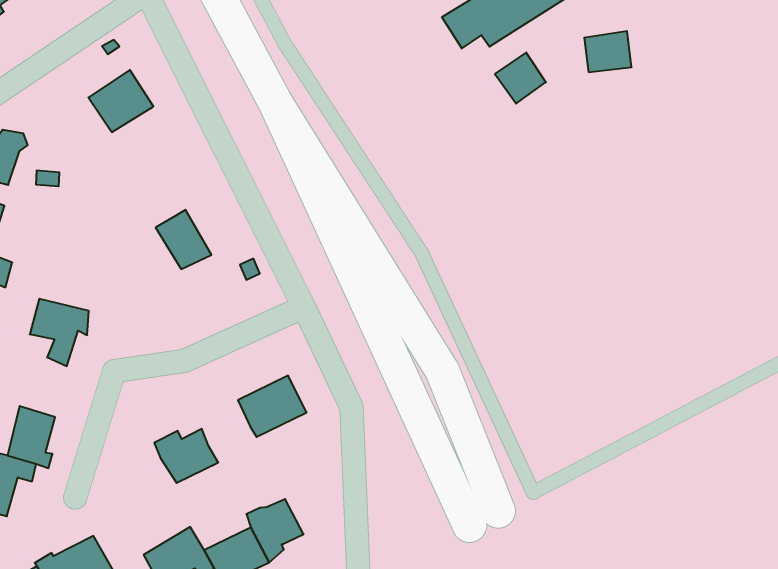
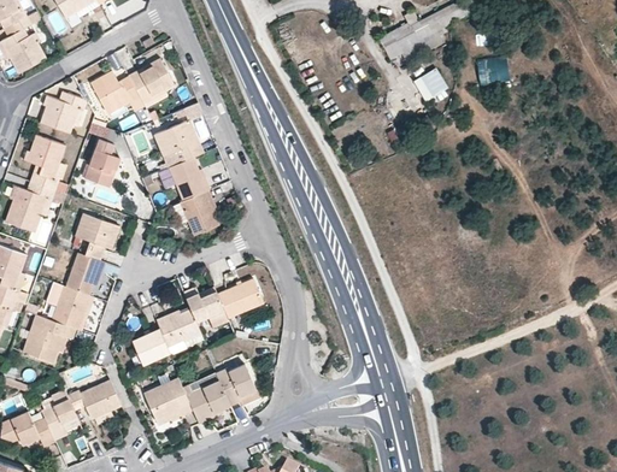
building: none -> [92,72,143,114]
building: none -> [154,120,201,163]
building: none -> [87,140,121,183]
building: none -> [180,191,218,237]
building: none -> [65,254,106,296]
building: none -> [184,289,224,324]
building: none -> [131,330,171,364]

